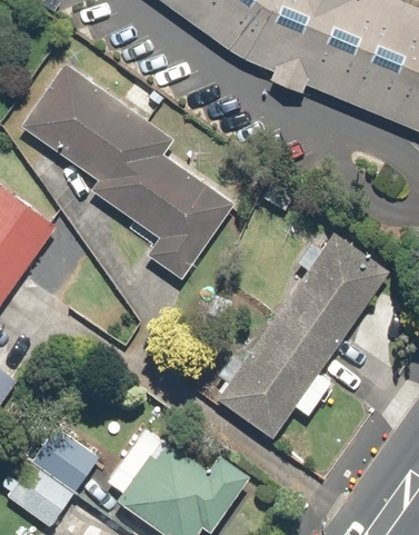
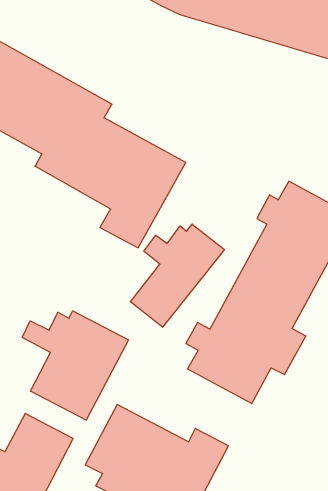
building: none -> [130,224,224,327]
building: none -> [22,311,128,420]

